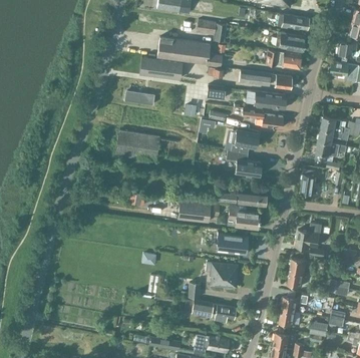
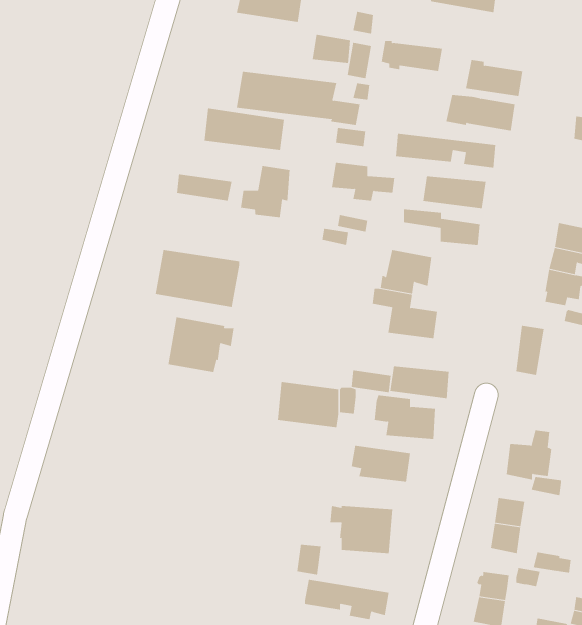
building: [277,14,309,30] -> [381,41,443,72]
building: none -> [240,165,290,218]
building: none -> [168,317,234,373]

